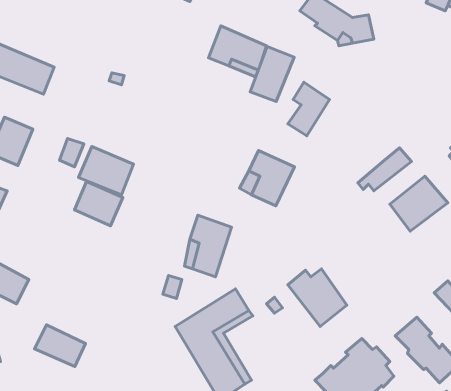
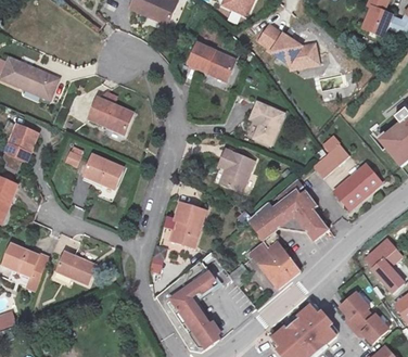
building: [250,46,294,102] -> none
building: none -> [90,98,136,137]
building: none -> [247,180,331,251]
building: [34,325,85,366] -> [54,247,95,281]

